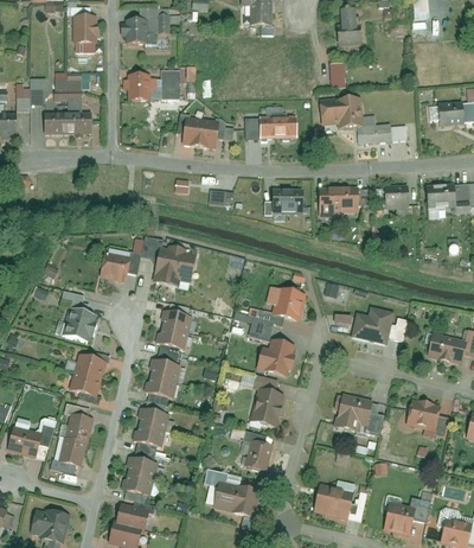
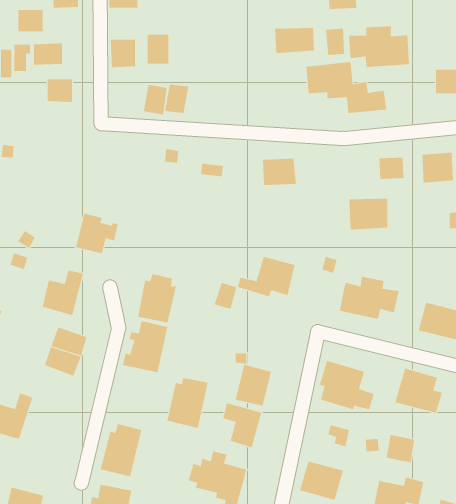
building: none -> [349,25,410,68]
building: [44,115,69,136] -> [17,9,43,32]
building: [262,117,301,142] -> [274,27,315,53]
building: [200,122,224,152] -> [143,84,167,115]
building: [321,190,359,221] -> [348,198,388,230]
building: [133,234,194,286] -> none
building: [256,338,294,375] -> none
building: [133,397,173,446] -> [166,378,208,428]
building: [57,401,98,467] -> none
building: none -> [386,434,415,463]

